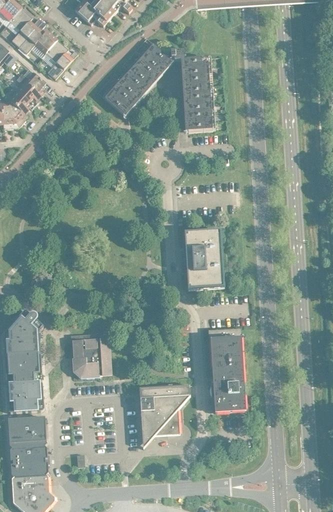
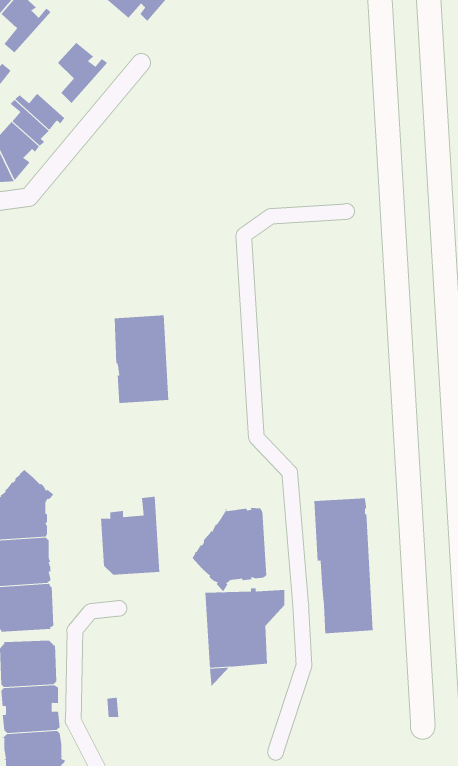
building: [19,21,58,54] -> none
building: [105,44,213,132] -> none
building: [187,232,222,288] -> [114,315,169,403]
building: none -> [192,507,267,592]

